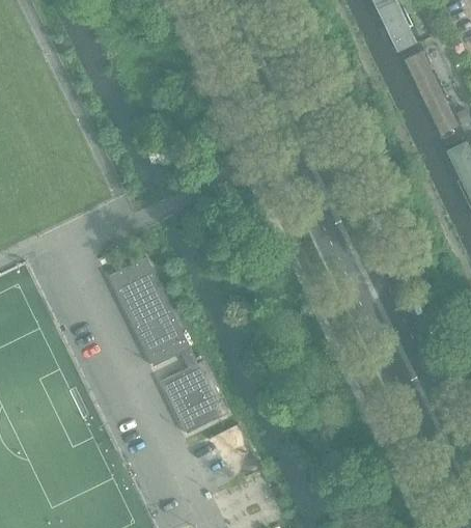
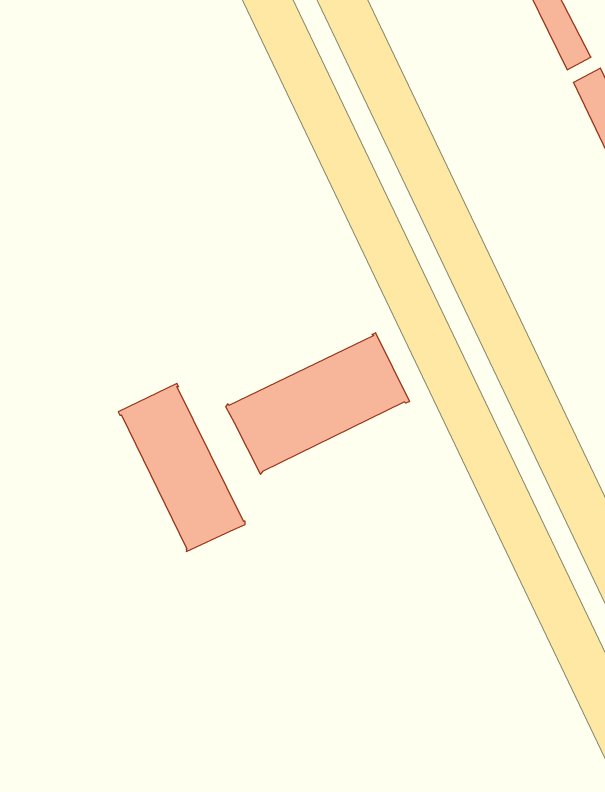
building: none -> [226,333,409,474]
building: [159,349,227,434] -> none

